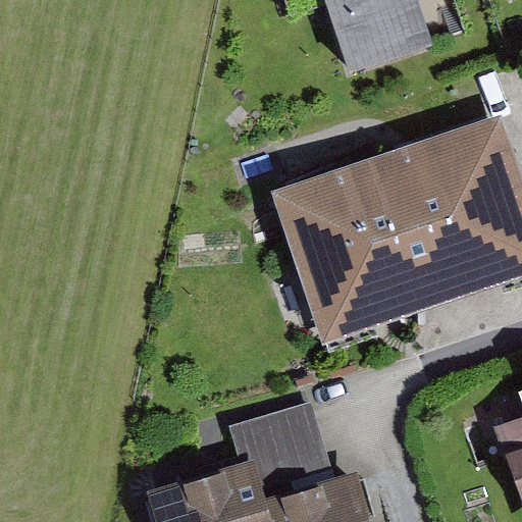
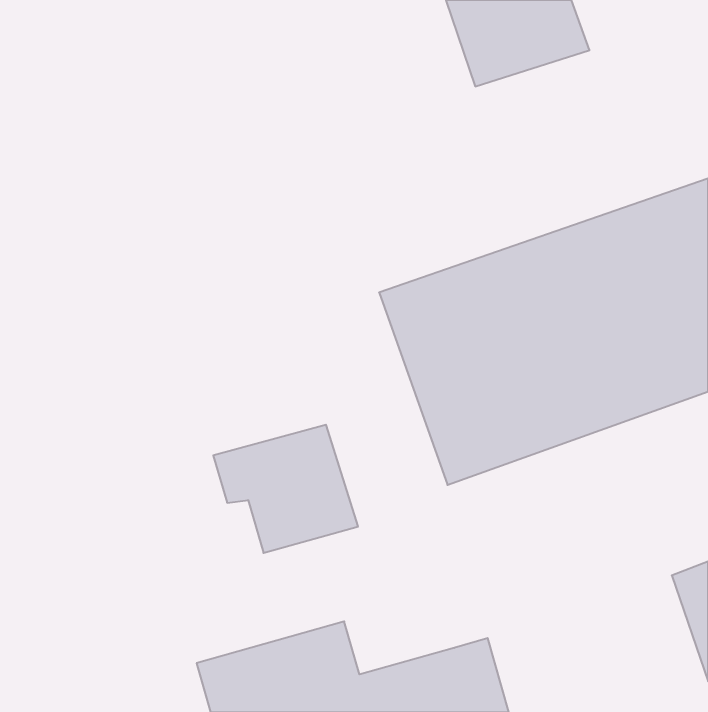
building: [226,400,332,493] -> [213,425,358,553]

